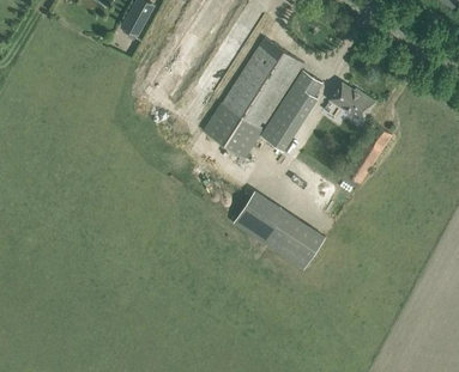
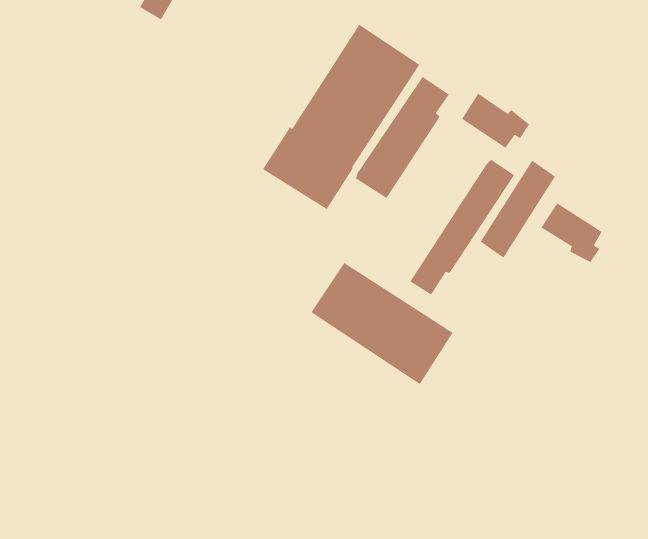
building: none -> [410,159,515,296]
building: none -> [540,203,603,263]

